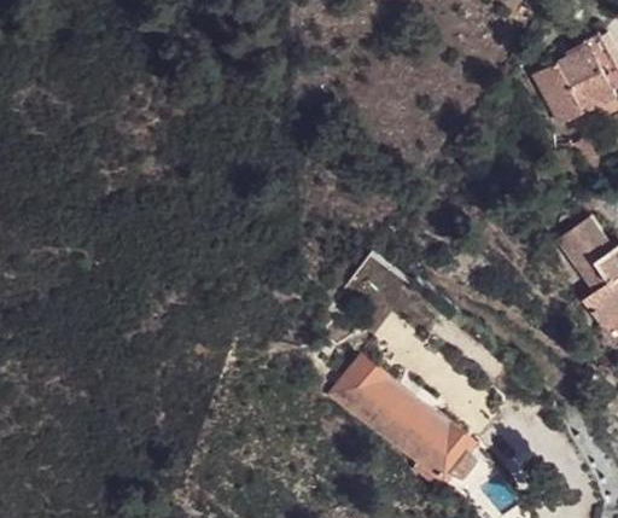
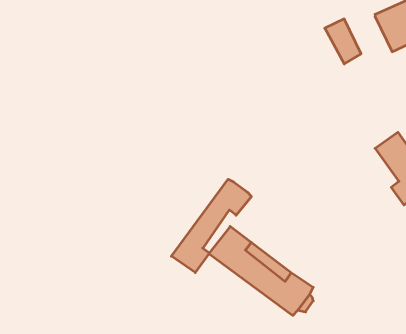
building: [536,57,588,121] -> [325,19,361,64]
building: none -> [171,179,251,273]

